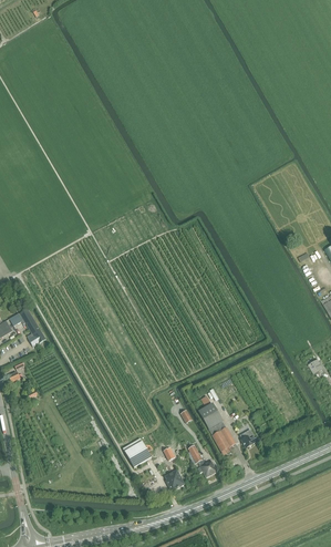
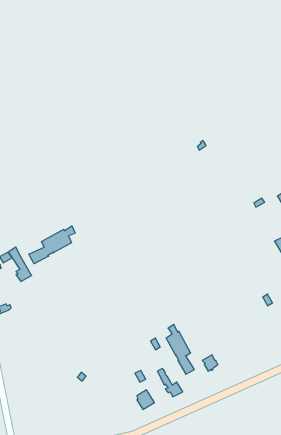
building: none -> [29,226,75,264]
building: [123,437,152,467] -> none

